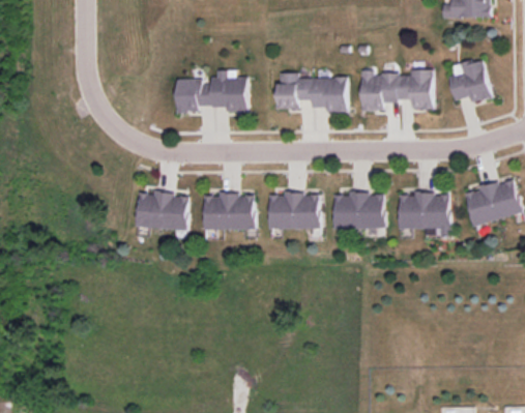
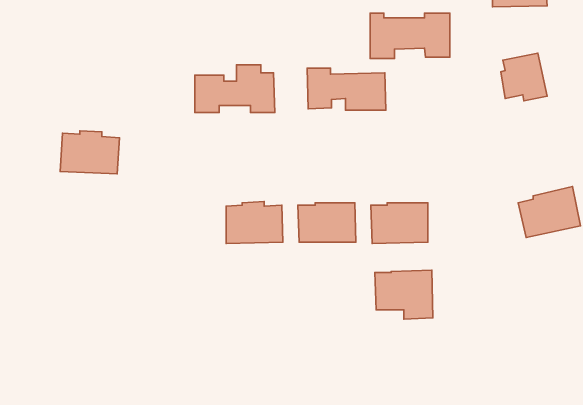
building: [361,69,433,110] -> [370,13,450,58]
building: [136,190,188,229] -> [60,131,119,174]
building: [399,193,450,236] -> [375,270,433,319]

